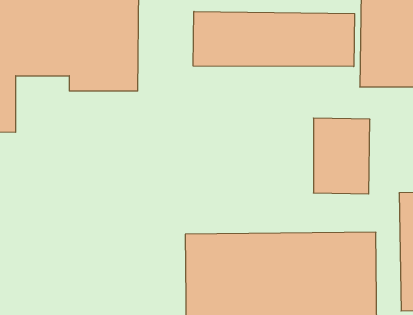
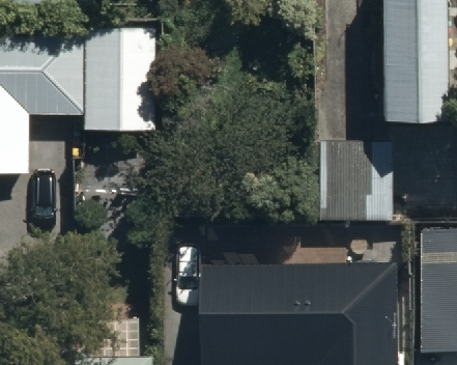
building: [193,11,355,67] -> none

